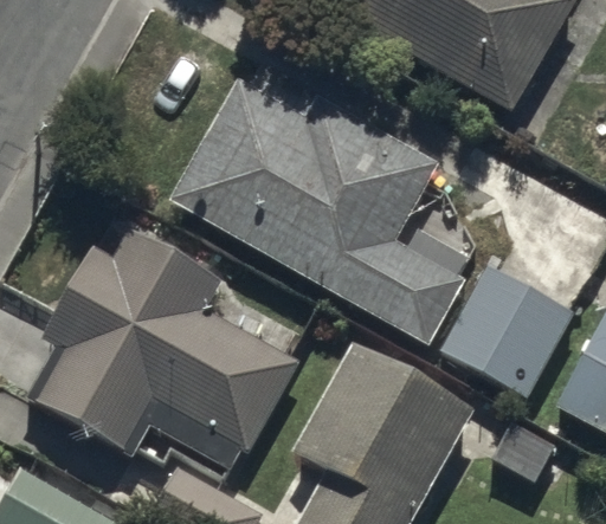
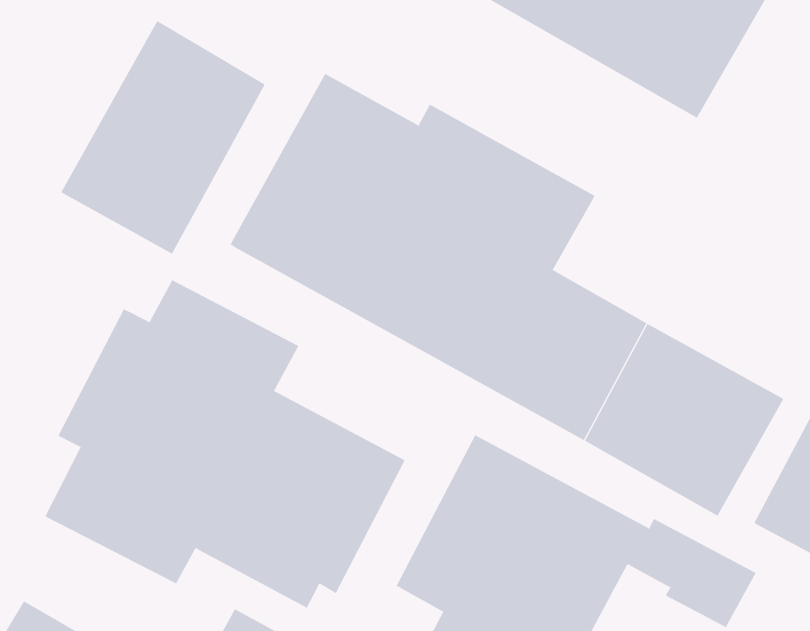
building: none -> [61,20,266,254]

